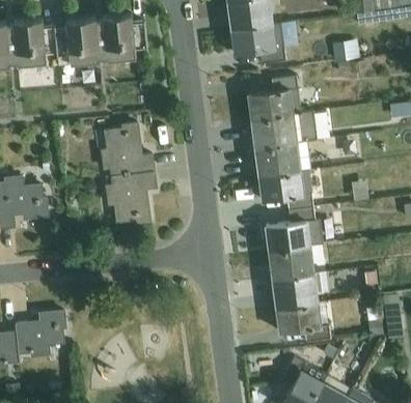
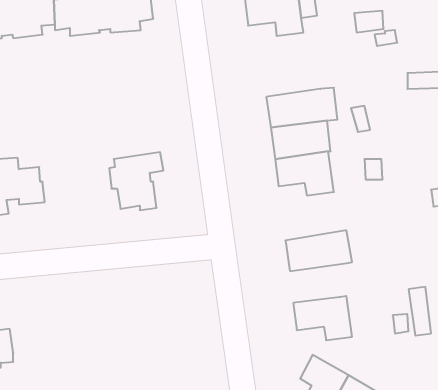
building: [247,76,300,120] -> none
building: [100,123,153,177] -> none
building: [265,207,323,252] -> none
building: [272,272,327,309] -> none
building: [13,312,64,357] -> none

